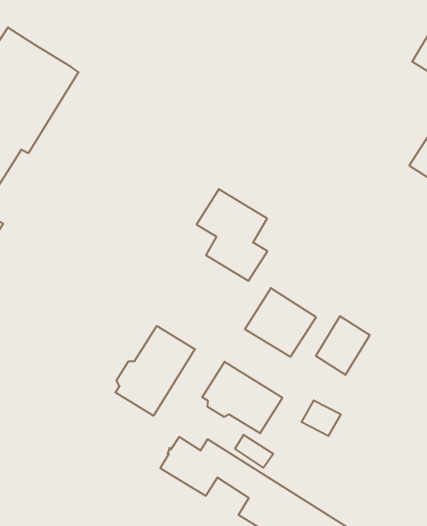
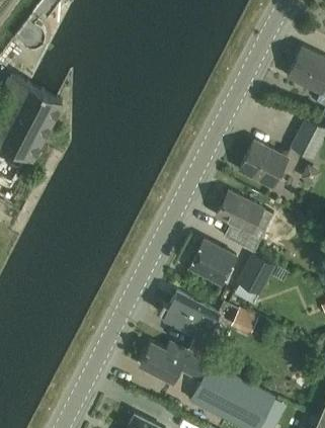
building: none -> [239,142,288,188]
building: [197,189,267,281] -> [216,190,265,251]
building: [115,326,195,416] -> none

